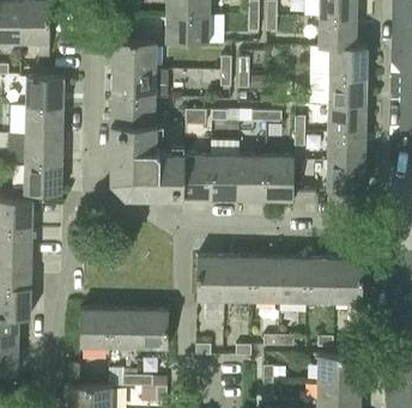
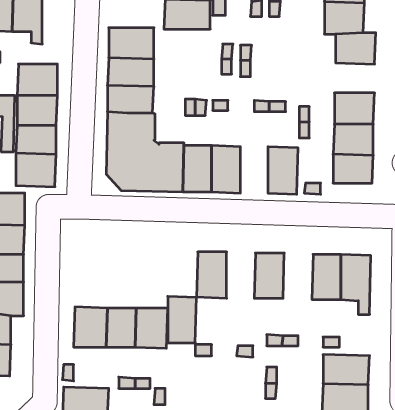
building: [328,75,366,104] -> none
building: [238,156,265,200] -> none
building: [225,256,253,300] -> [168,296,197,343]
building: [279,257,308,302] -> none

